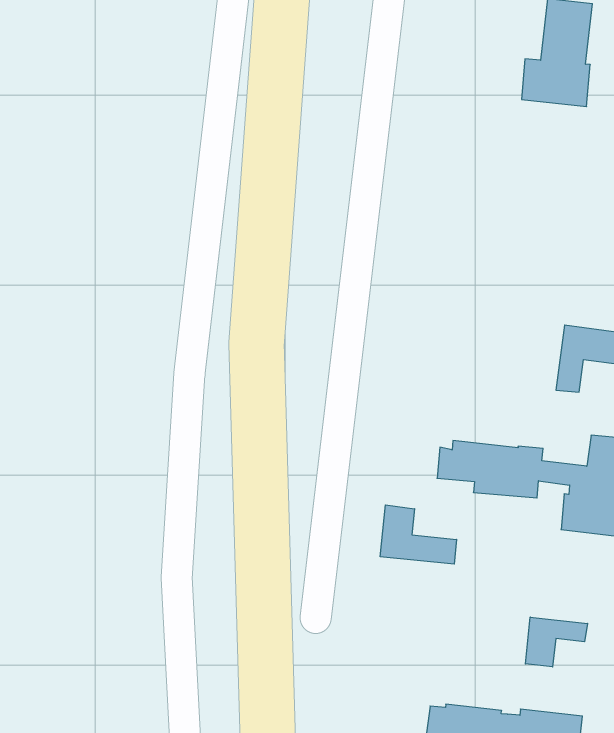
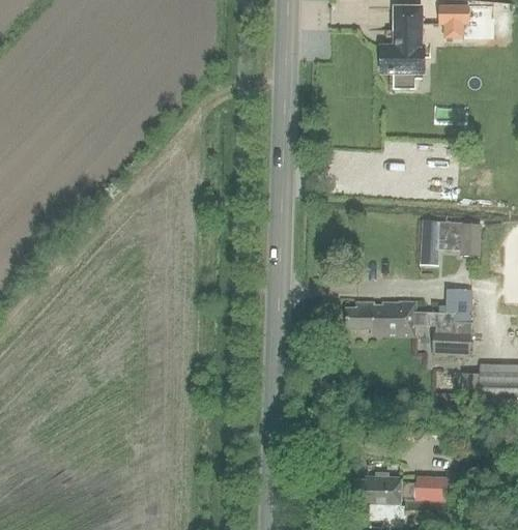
building: [380,505,457,564] -> none
building: [525,617,588,667] -> none

